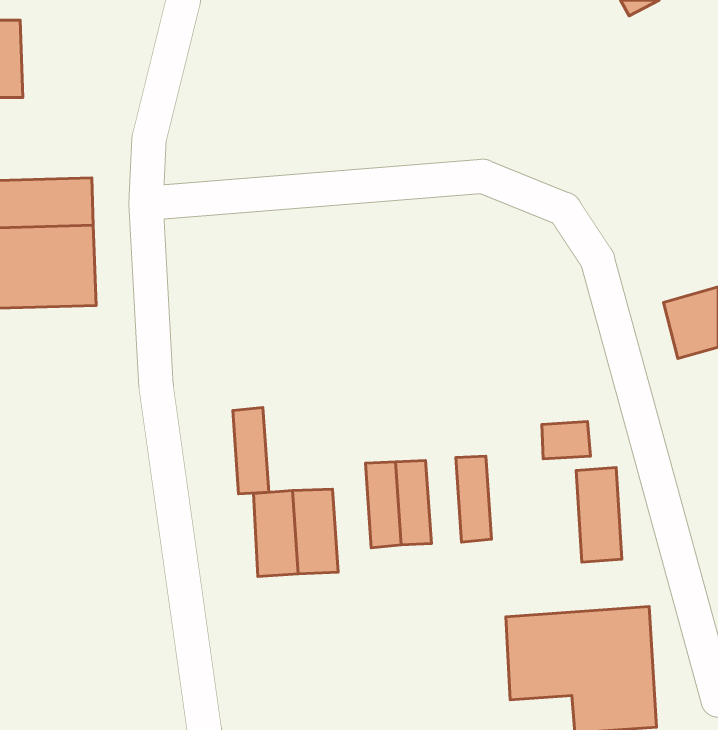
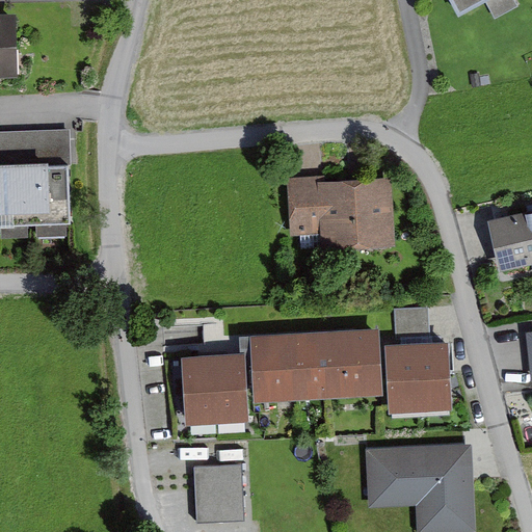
building: none -> [291,179,393,247]
building: [233,408,269,494] -> [243,338,269,400]
building: none -> [352,331,378,393]
building: none -> [309,334,335,396]
building: none -> [389,343,422,411]
building: none -> [188,462,238,522]

